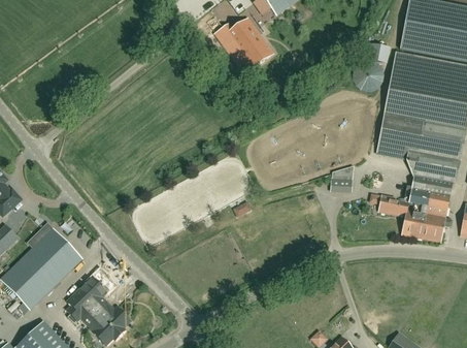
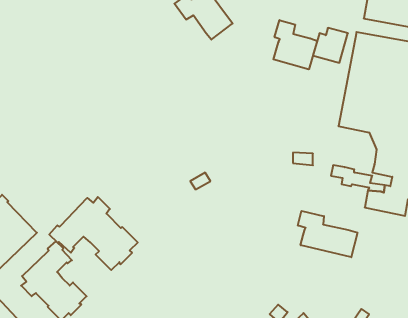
building: none -> [273,20,317,69]
building: none -> [49,197,138,270]
building: none -> [298,211,357,257]

